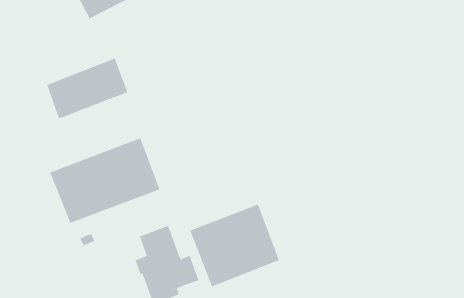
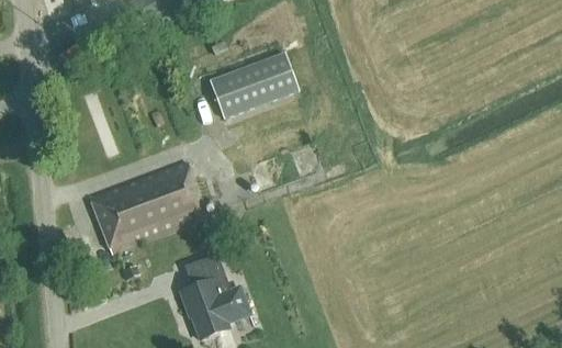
building: [46,58,129,119] -> [211,52,299,117]
building: [189,204,280,287] -> none

